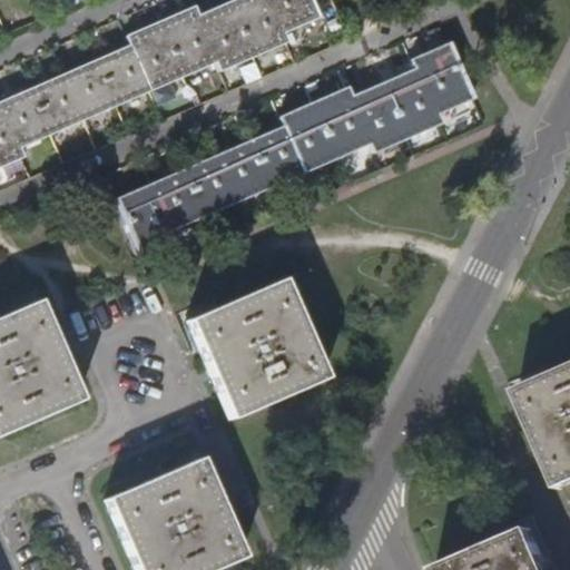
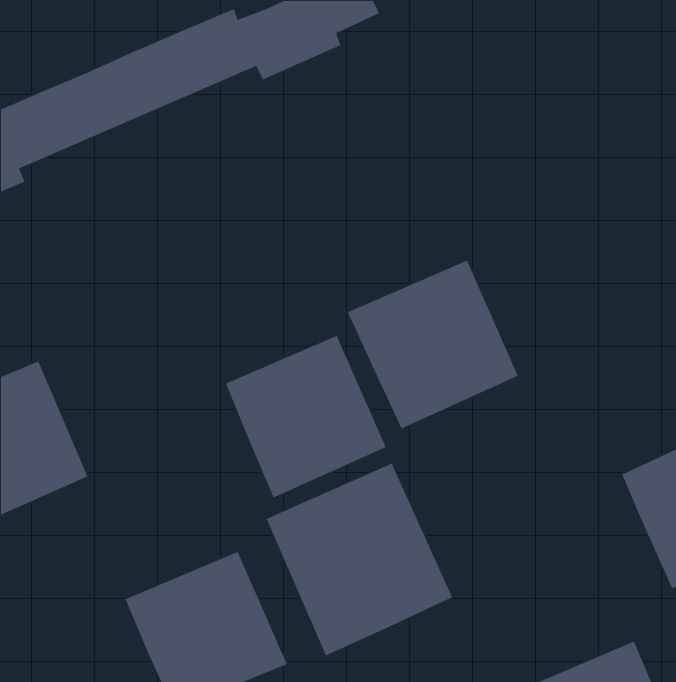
building: [120,42,475,252] -> none
building: none -> [347,260,519,429]
building: none -> [265,463,453,657]

